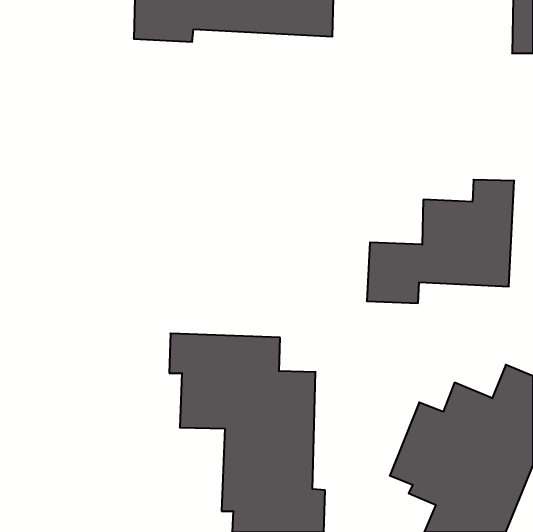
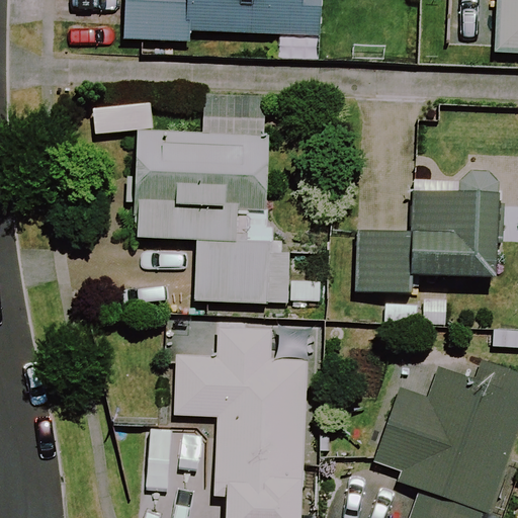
building: none -> [137,95,285,301]

